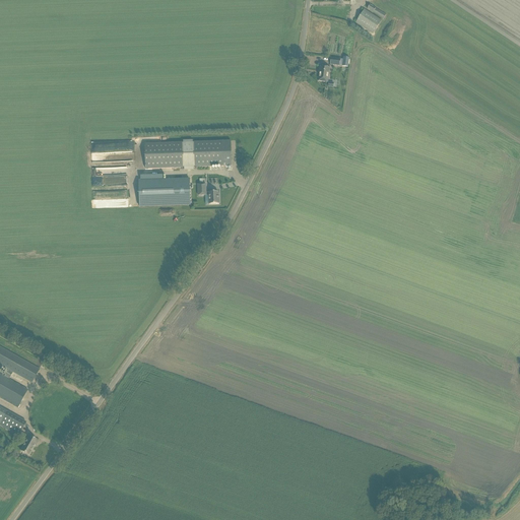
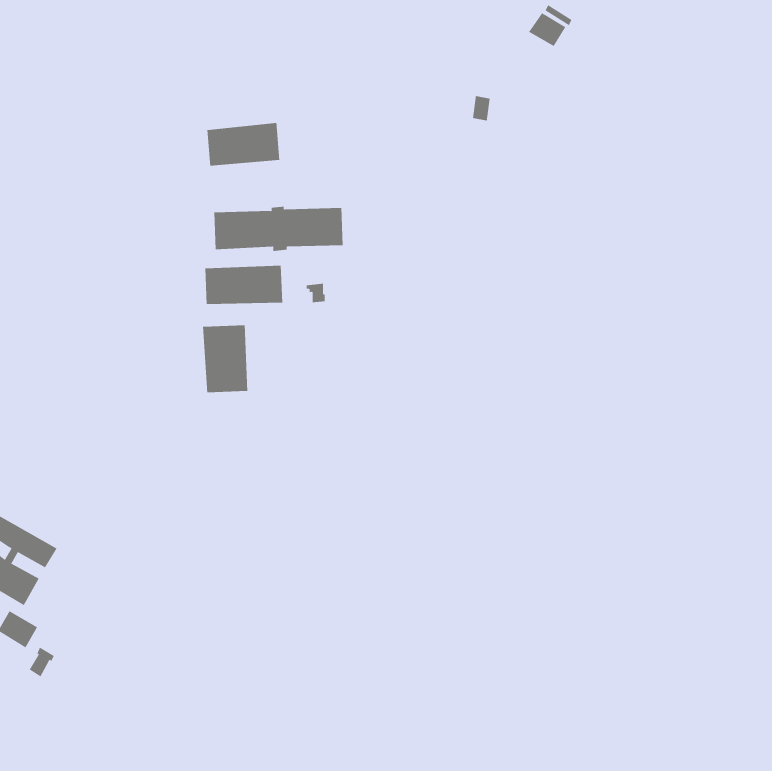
building: none -> [207,122,280,166]
building: none -> [203,324,248,393]

